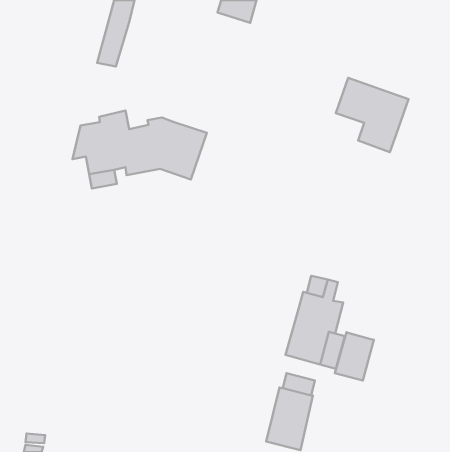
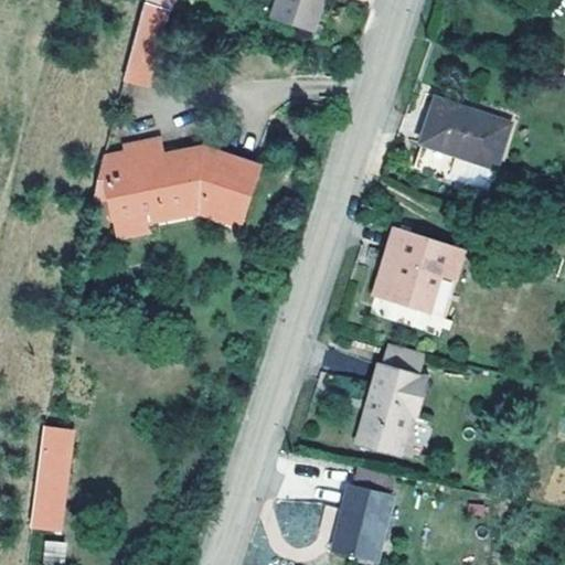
building: none -> [375,228,465,311]
building: [335,332,374,381] -> none
building: none -> [30,427,72,526]

